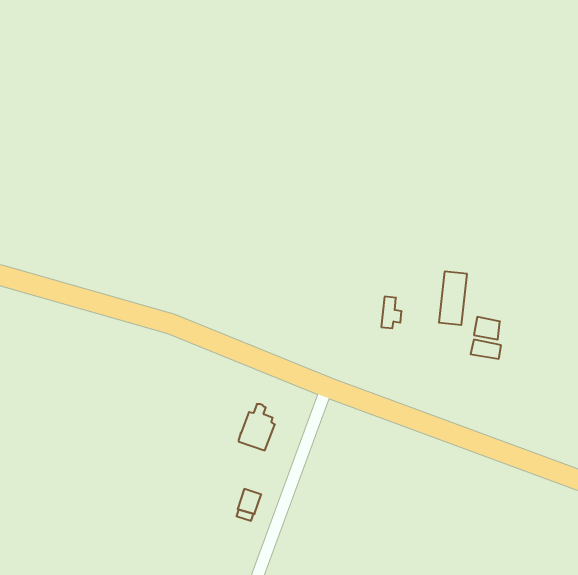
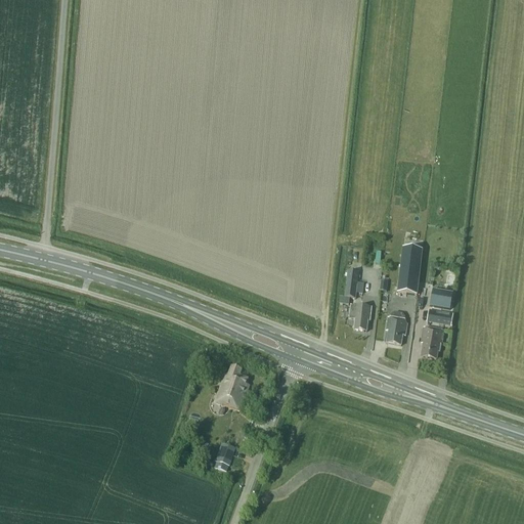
building: none -> [350,304,372,330]
building: none -> [386,310,407,344]
building: none -> [421,325,444,357]

